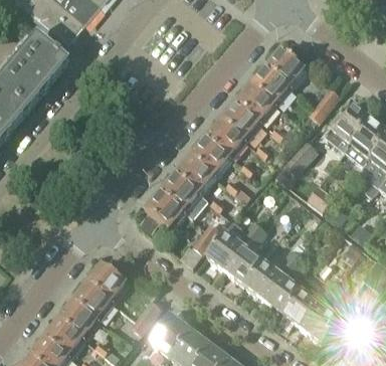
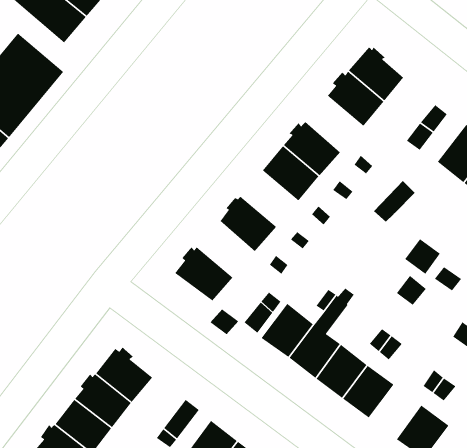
building: [237,82,278,123] -> none
building: [191,136,232,176] -> none
building: [160,172,201,212] -> none
building: [282,289,320,328] -> none

